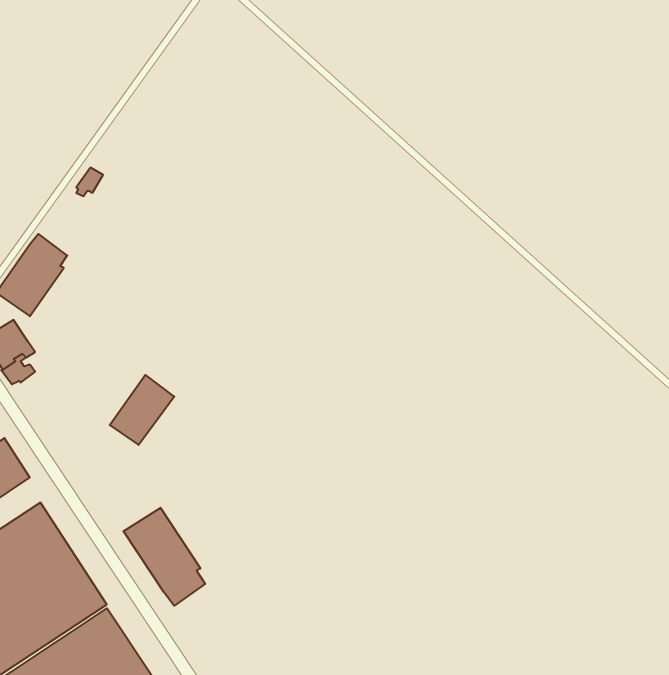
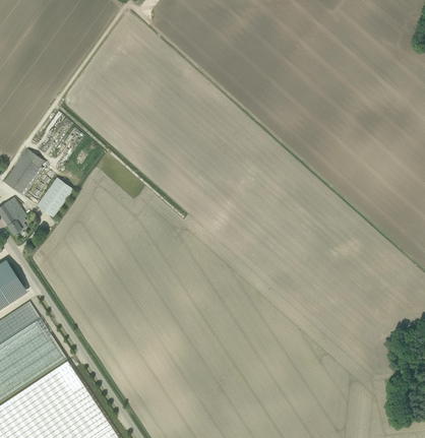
building: [110,375,174,445] -> [36,177,72,216]
building: [124,508,205,606] -> none

